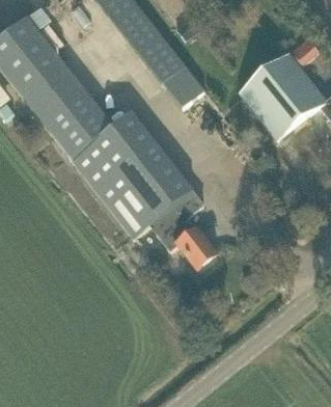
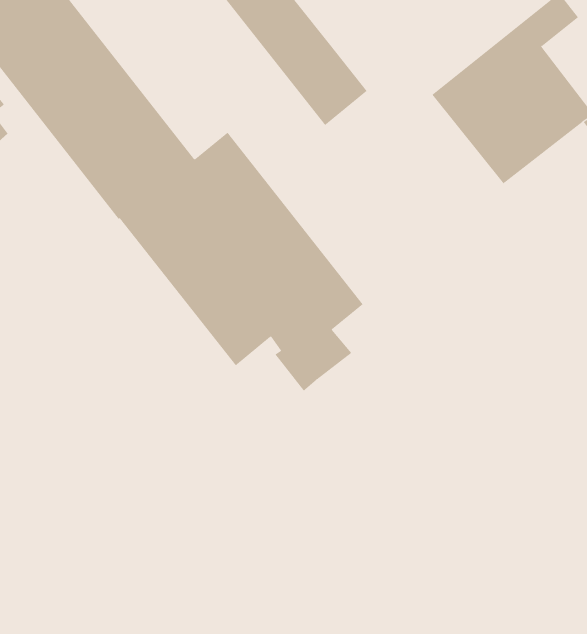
building: [176,228,215,269] -> none

